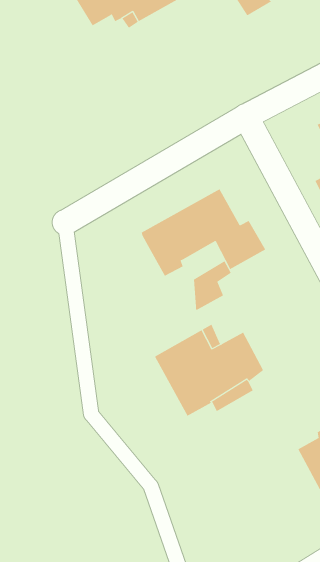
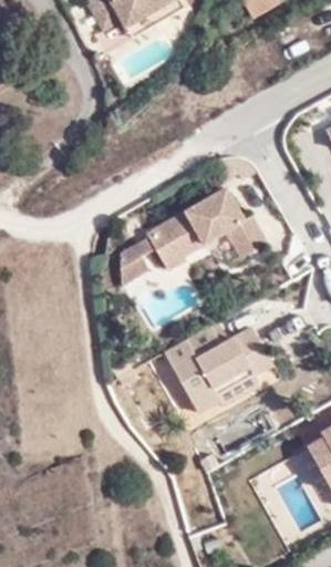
building: [193,260,232,311] -> [121,234,158,284]

